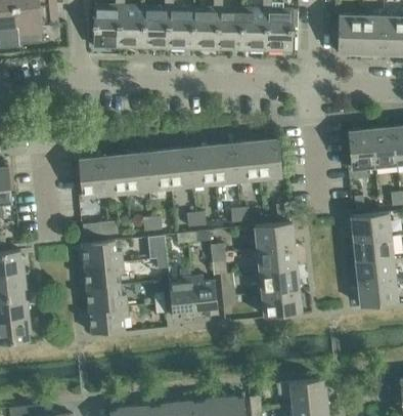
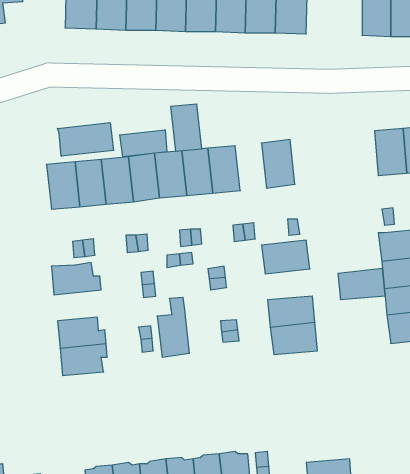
building: none -> [58,123,114,156]
building: none -> [120,130,167,157]
building: [233,141,259,180] -> [171,104,202,151]
building: [258,245,297,271] -> [338,269,385,300]
building: [84,262,124,288] -> none
building: [191,276,218,315] -> none
building: [277,378,327,405] -> none

